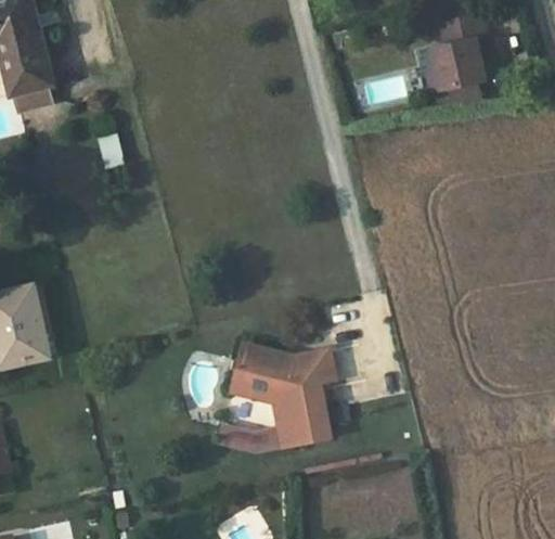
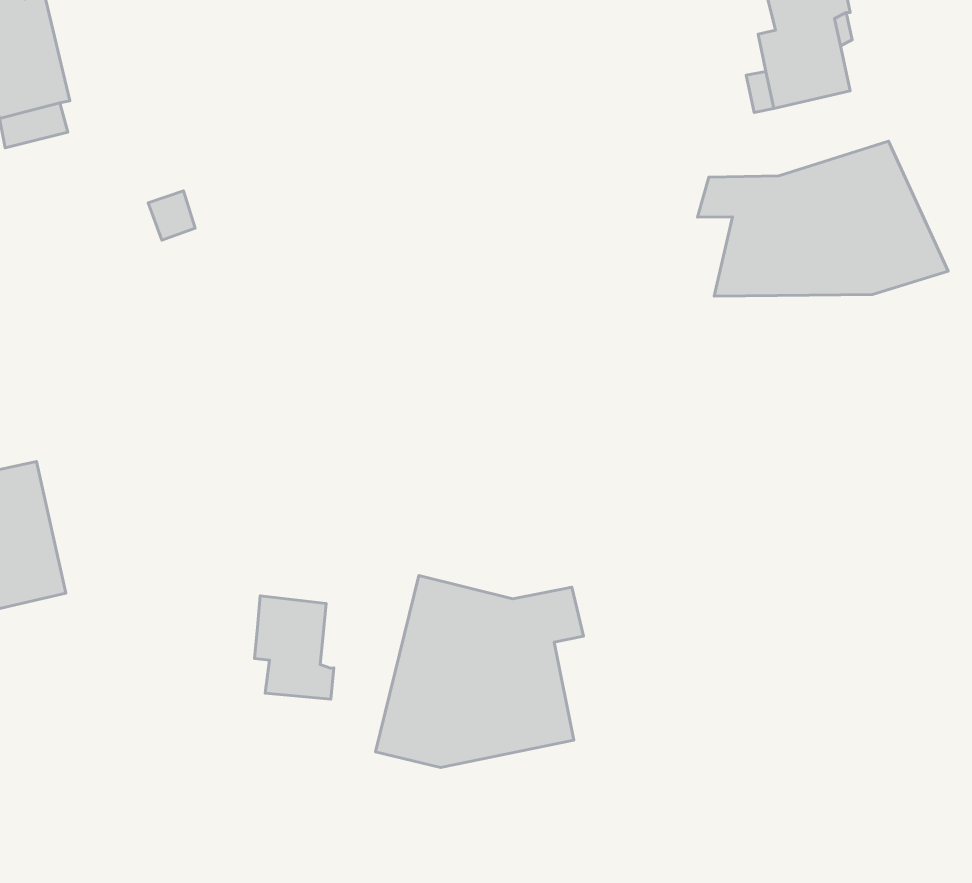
building: none -> [698,141,948,296]
building: none -> [254,596,334,699]

